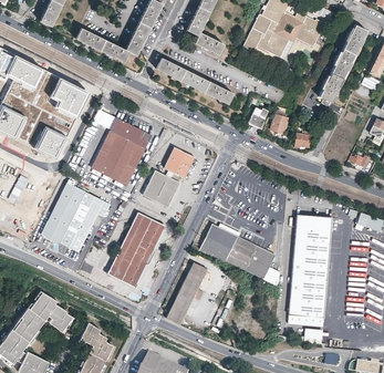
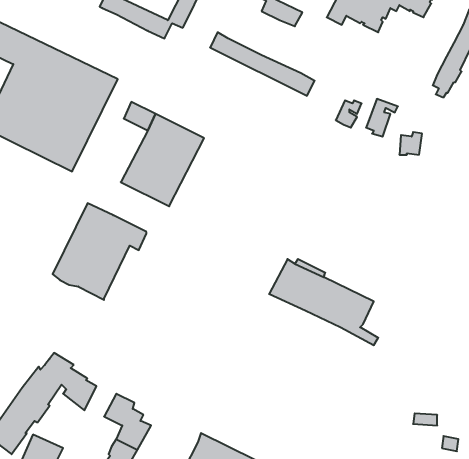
building: [143,147,195,207] -> none
building: [107,211,166,287] -> none
building: [289,215,332,327] -> none
building: [166,262,207,324] -> none

